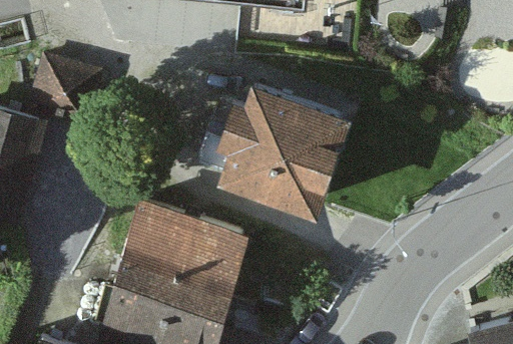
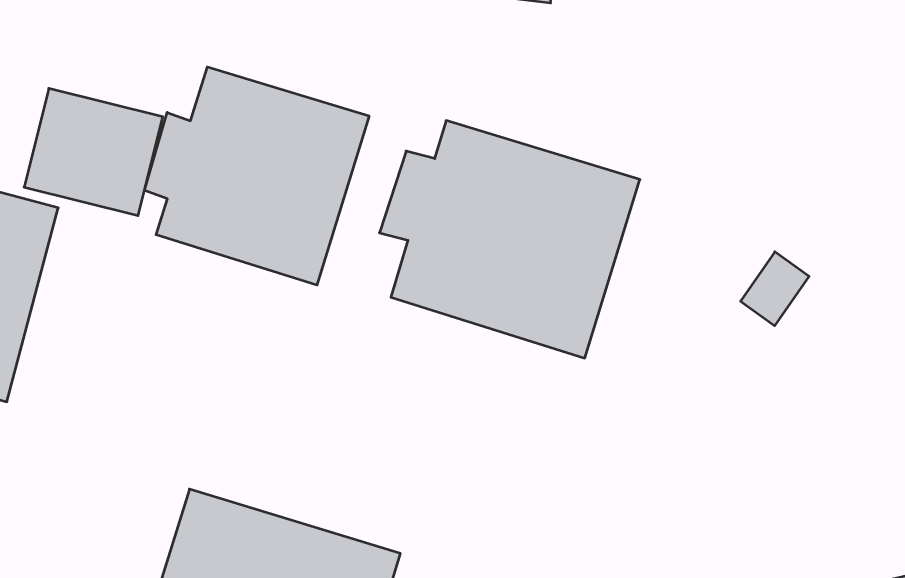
building: none -> [144,67,369,285]
building: [116,201,249,306] -> none

